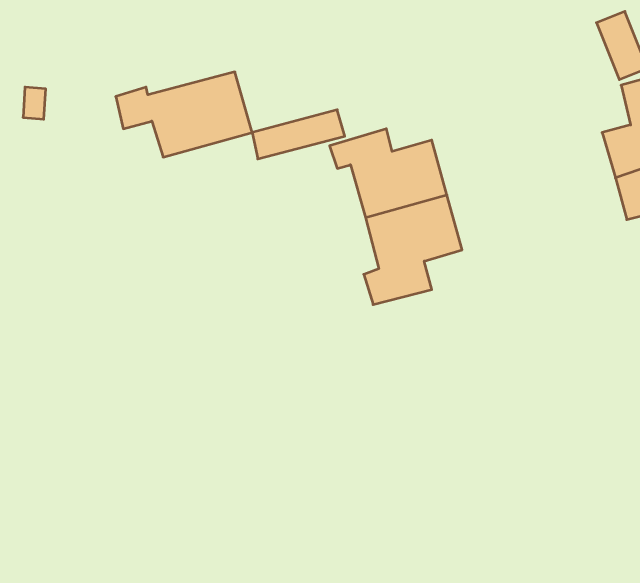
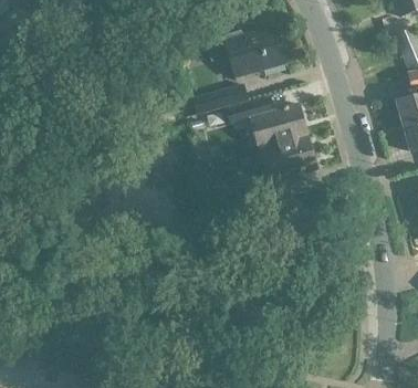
building: [116,72,252,157] -> [205,24,284,74]

